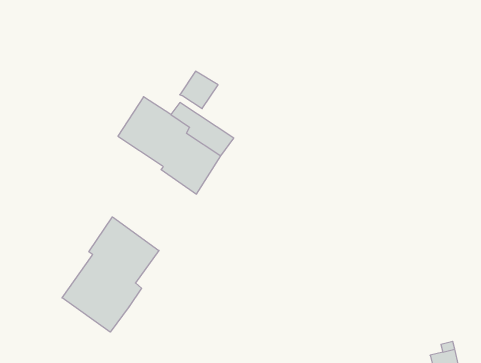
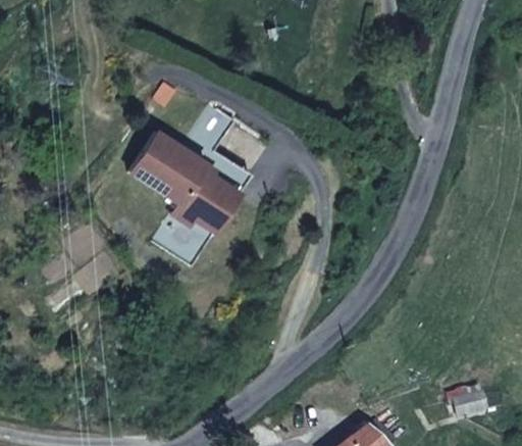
building: none -> [150,202,211,265]
building: [62,217,159,332] -> none

